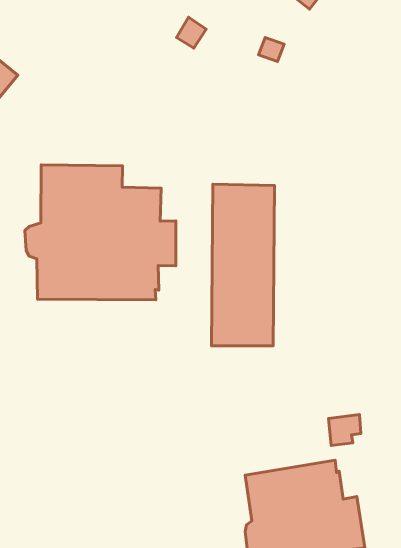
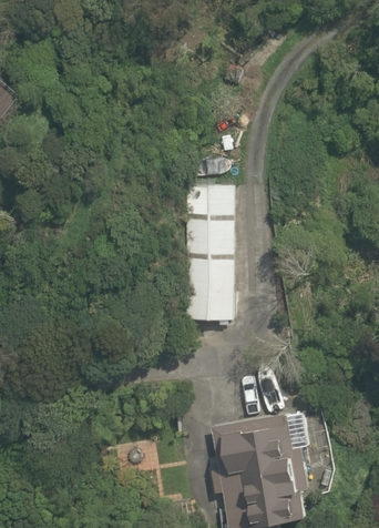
building: [25,165,176,300] -> none

